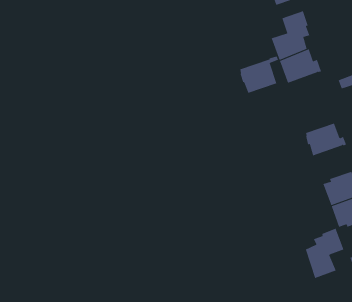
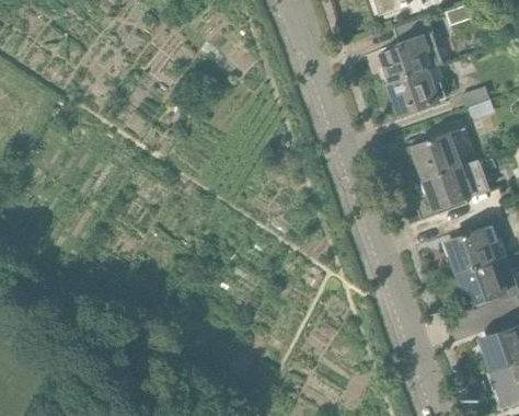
building: [239,56,279,93] -> [413,129,464,178]
building: [305,228,344,279] -> none

